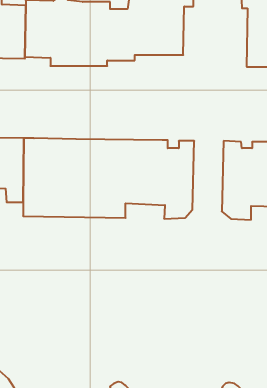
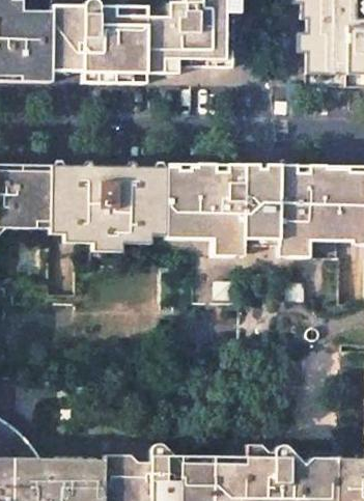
building: none -> [244,168,279,248]

